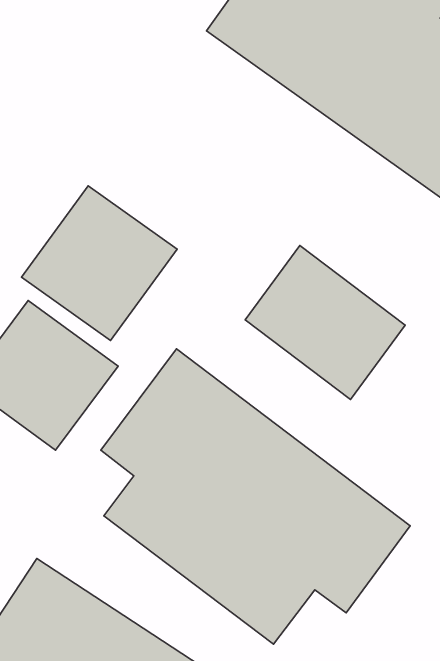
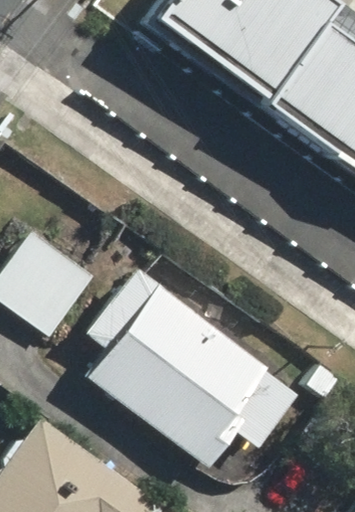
building: [22,186,177,341] -> none
building: [245,246,405,400] -> none

